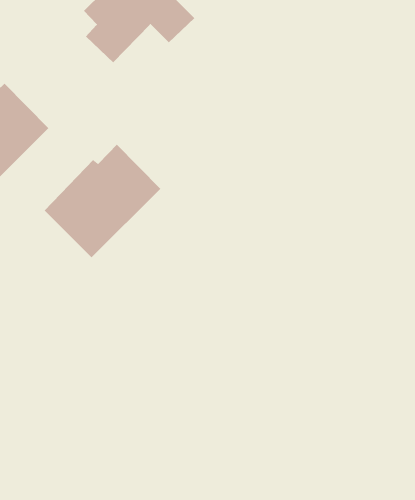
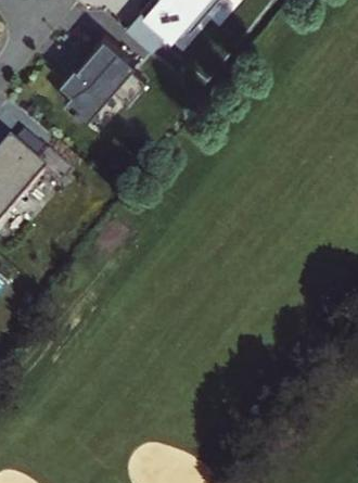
building: [44,144,161,258] -> none

